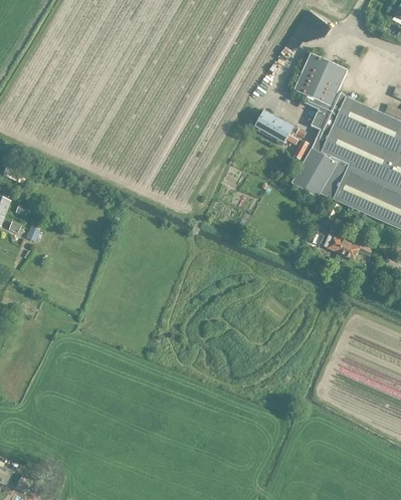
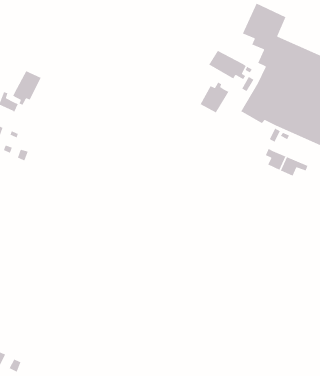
building: none -> [12,70,42,106]
building: none -> [199,81,229,114]

